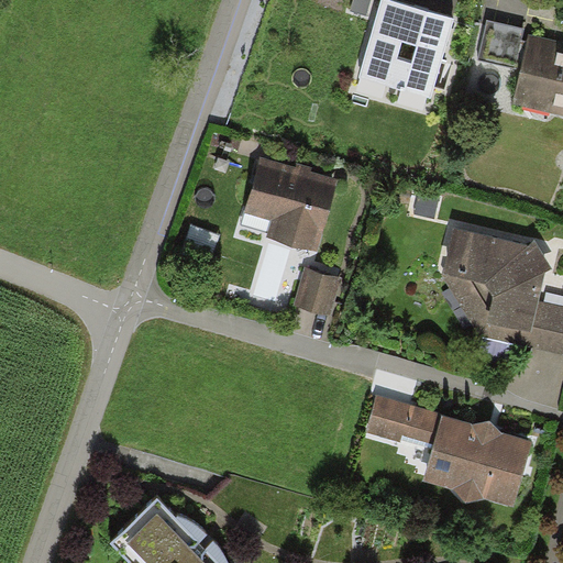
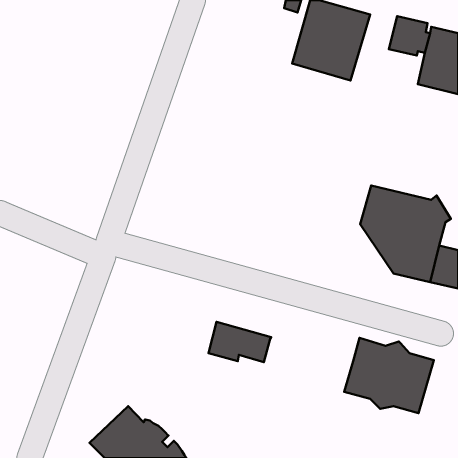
building: [244,157,338,251] -> none
building: [294,267,342,316] -> none
building: [365,394,442,443] -> [208,322,271,362]

